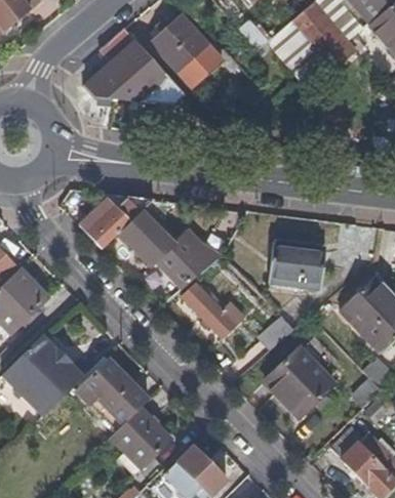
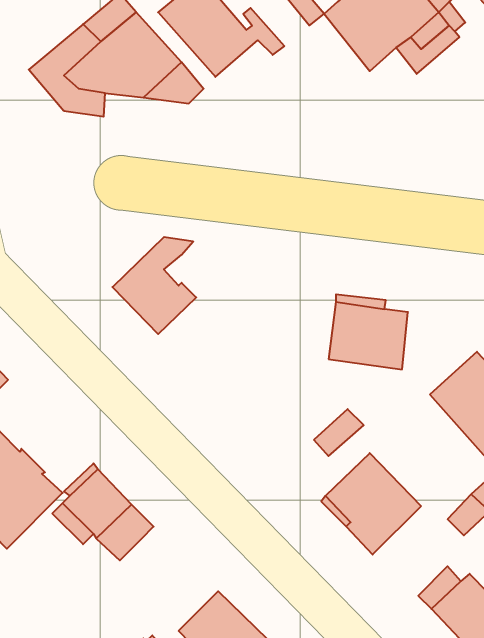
building: [88,195,155,249] -> none
building: [139,236,222,304] -> none
building: [182,285,243,338] -> none
building: [109,408,169,467] -> none

